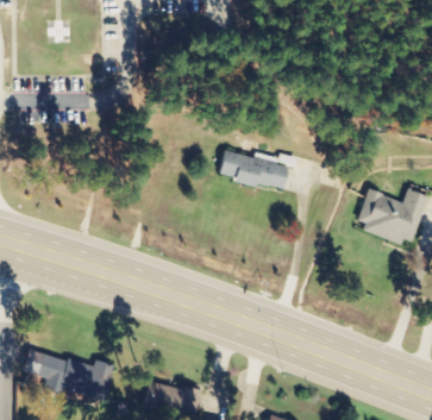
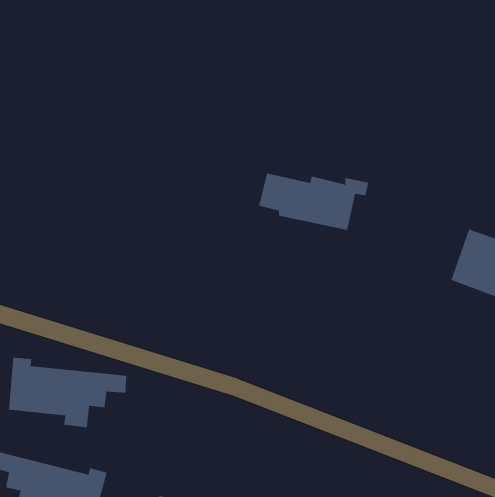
building: none -> [8,357,127,428]

